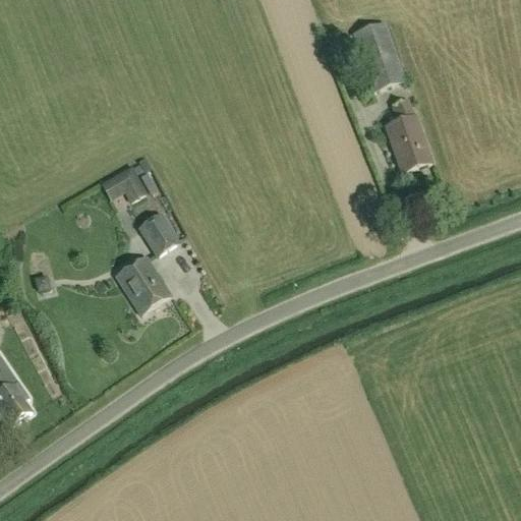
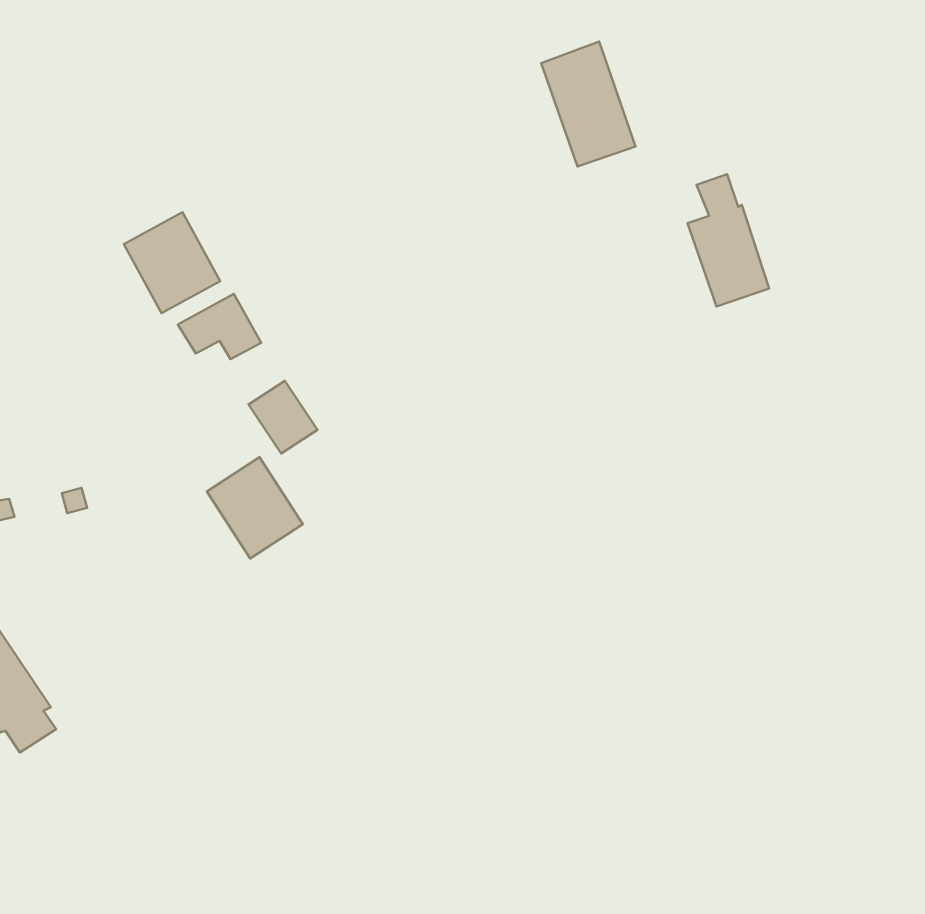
building: [352,20,405,91] -> [541,41,635,167]
building: none -> [124,212,220,313]

